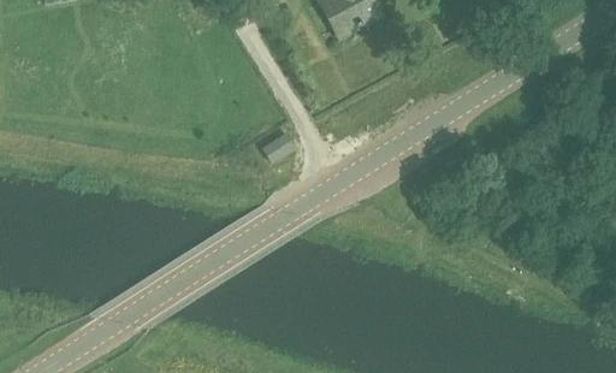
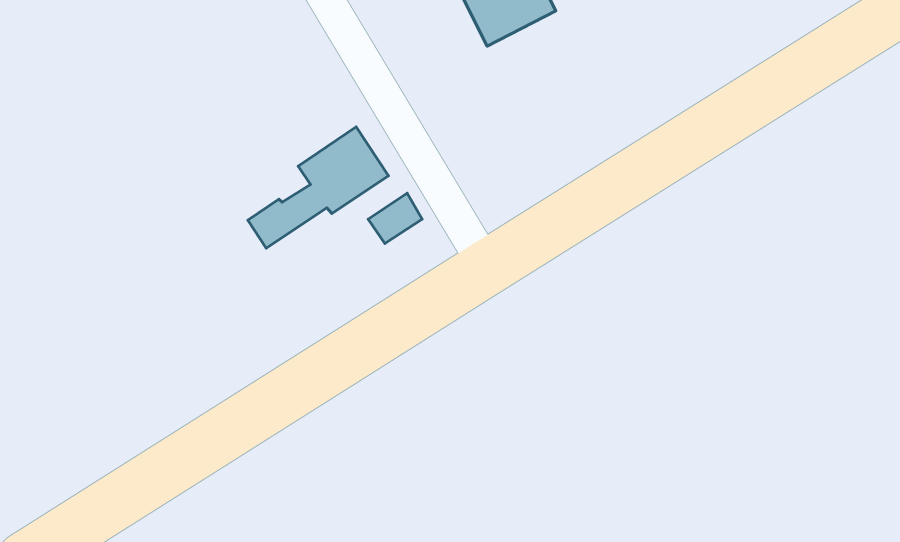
building: none -> [248,127,389,248]

